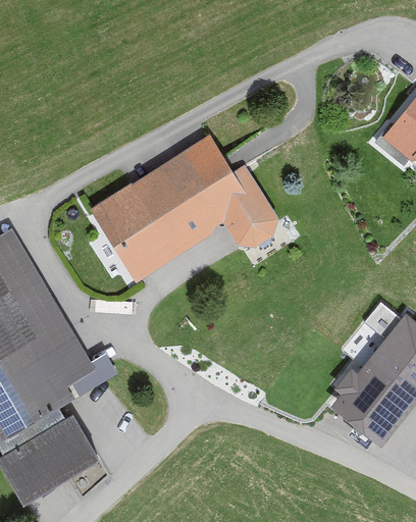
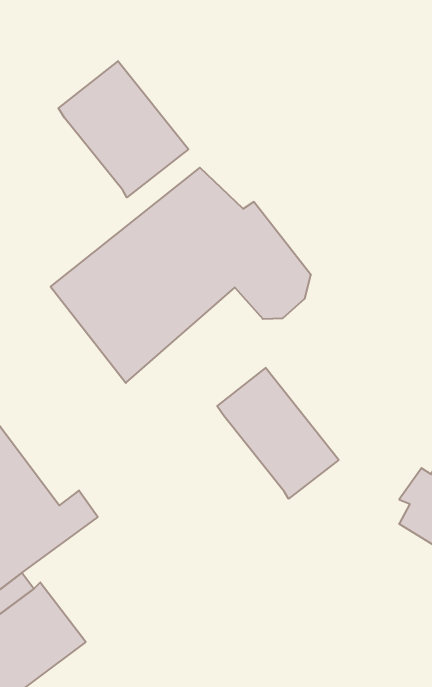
building: none -> [58,61,188,197]
building: none -> [217,368,339,499]

